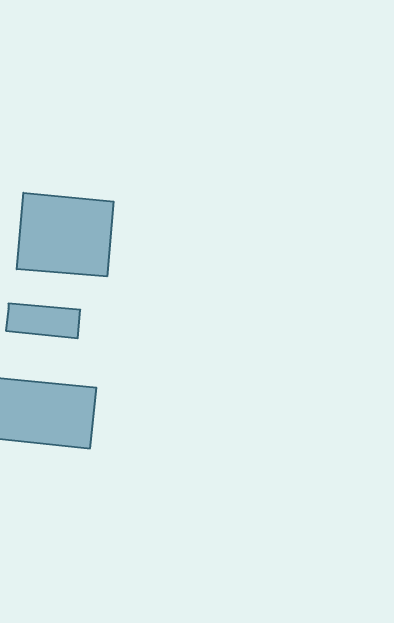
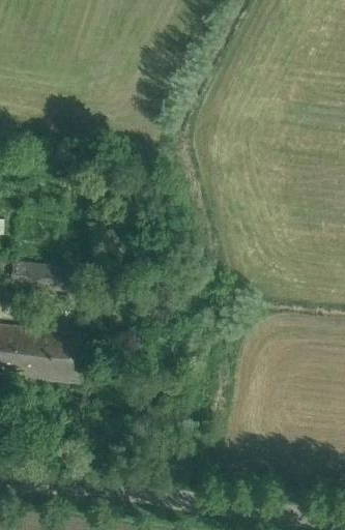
building: [17,193,114,276] -> none

